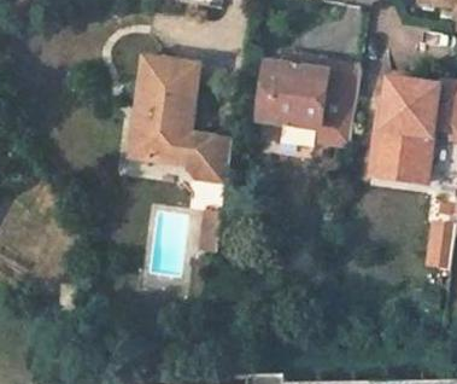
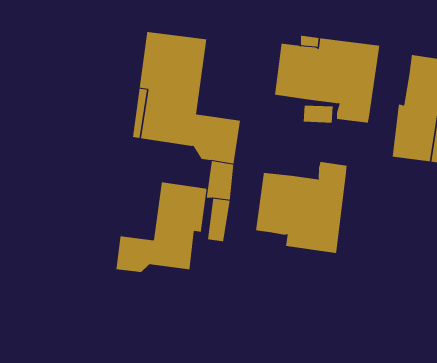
building: none -> [255,161,347,254]
building: none -> [116,181,207,273]

